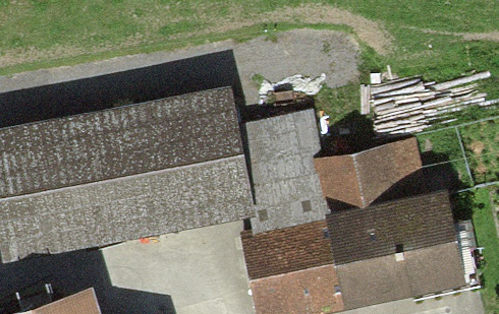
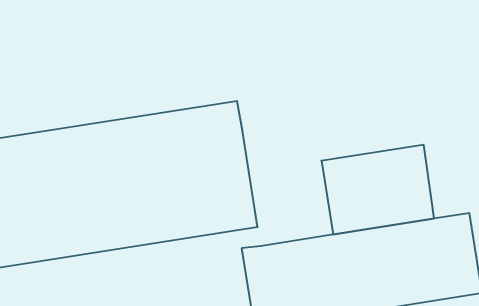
building: [242,114,329,235] -> none

